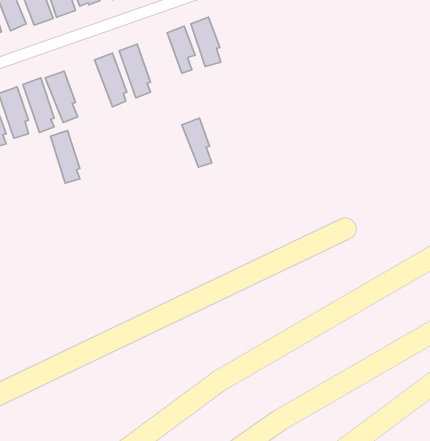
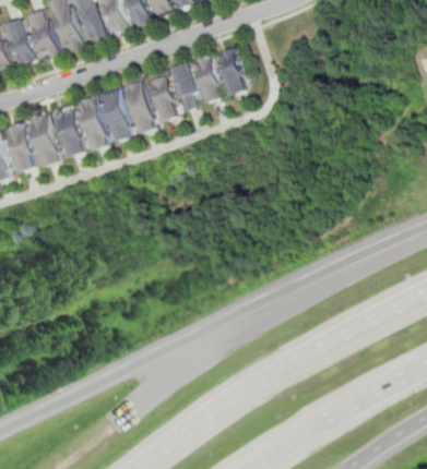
building: none -> [215,47,244,94]
building: [182,118,212,167] -> [144,71,174,119]
building: [51,131,80,183] -> [75,97,104,148]

